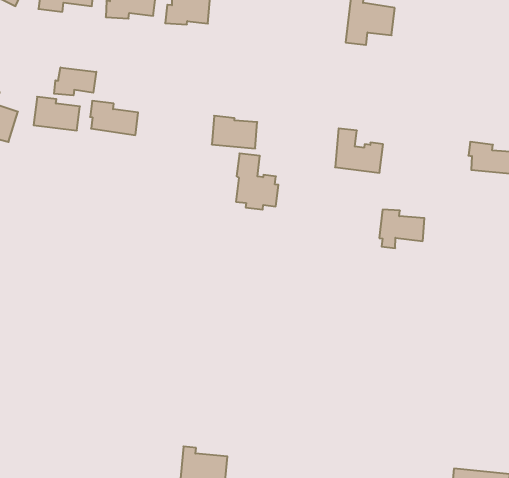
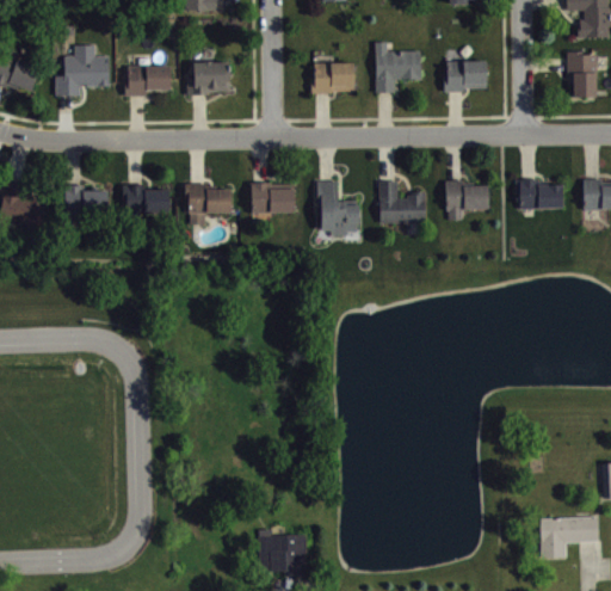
building: none -> [313,62,356,93]
building: none -> [443,61,486,92]
building: [54,67,96,95] -> none
building: none -> [184,184,233,224]
building: [236,153,278,210] -> [316,180,360,235]
building: [379,210,424,248] -> [445,180,490,220]

